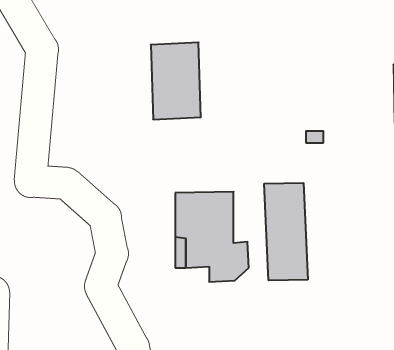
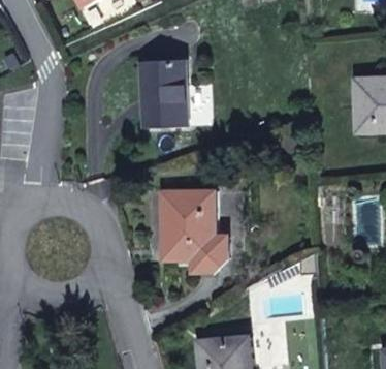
building: [264,183,308,280] -> none

